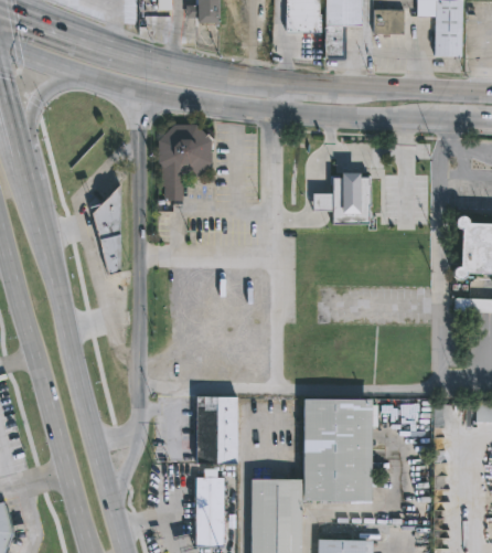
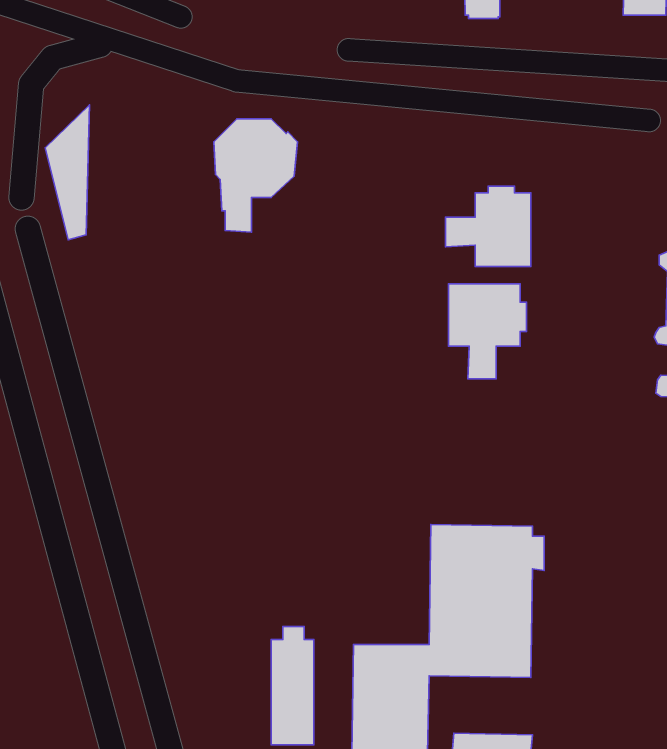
building: [90,185,120,276] -> [45,105,90,240]
building: none -> [449,284,526,379]
building: [196,397,237,465] -> none

